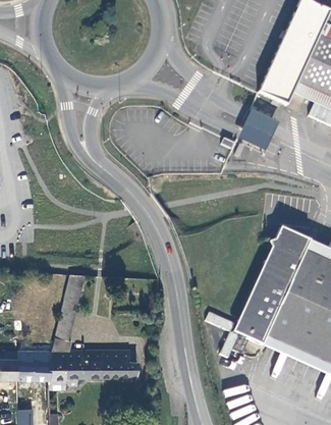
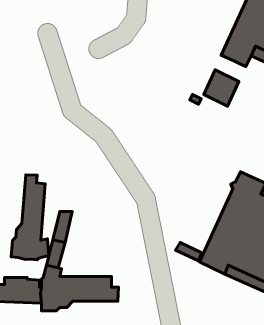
building: none -> [11,175,49,260]

